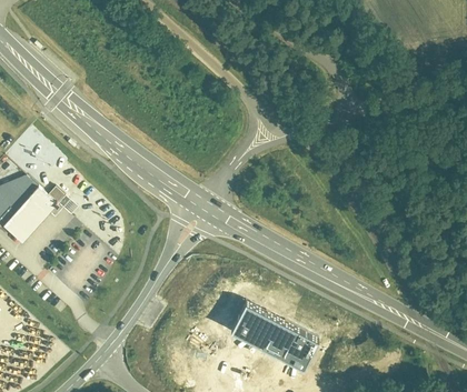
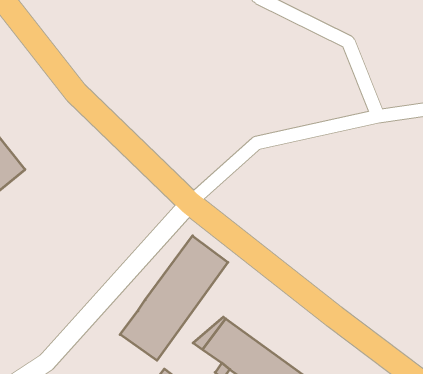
building: none -> [120,236,228,360]

